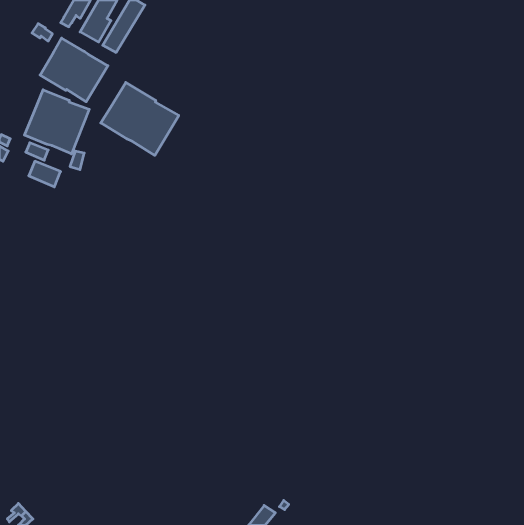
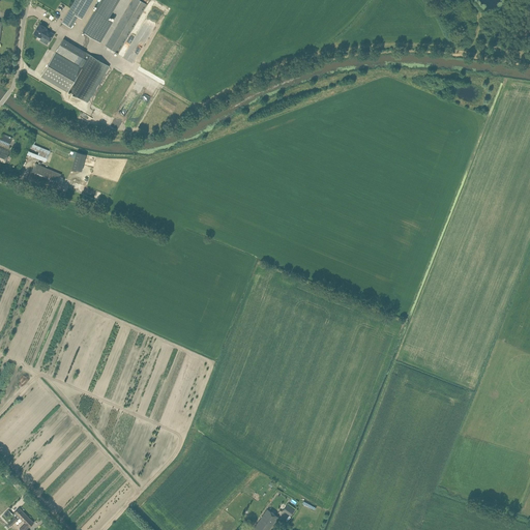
building: [101,82,179,155] -> none
building: [24,90,89,154] -> none

